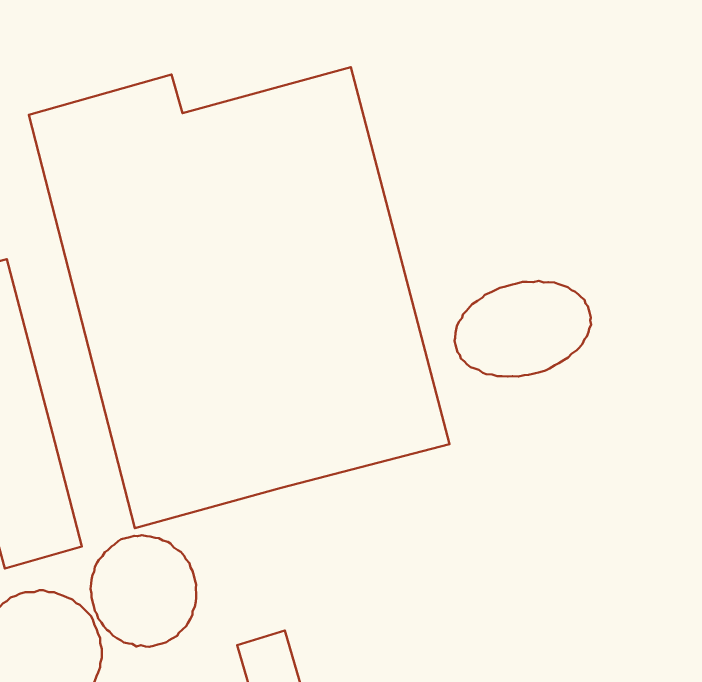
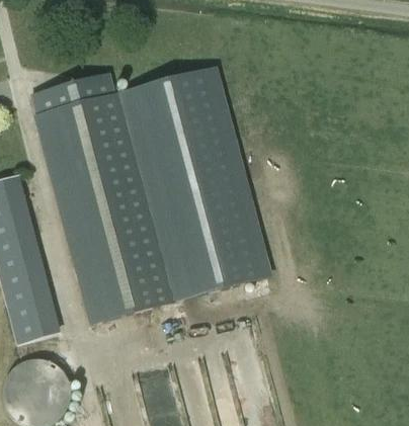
building: [455,281,591,377] -> none
building: [90,535,196,647] -> none

